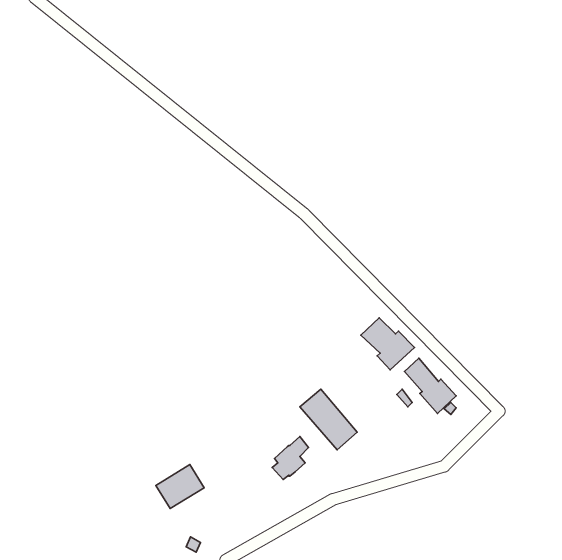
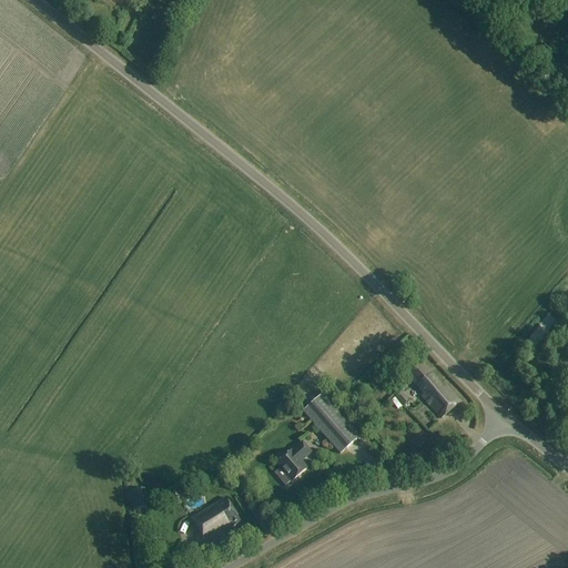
building: [361,318,415,370] -> none
building: [156,465,204,509] -> [191,496,240,540]

